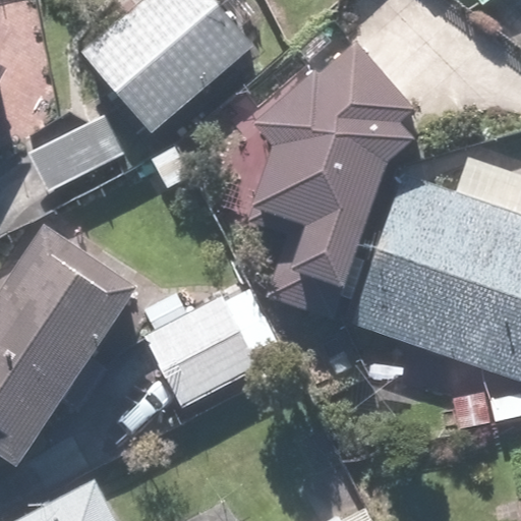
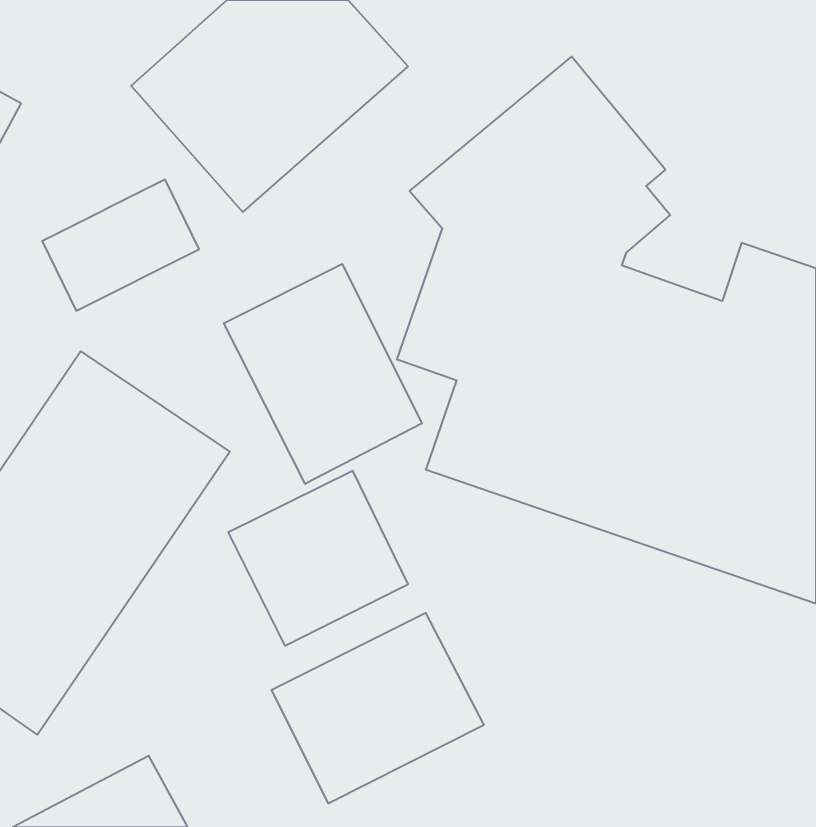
building: none -> [224,264,422,484]
building: none -> [272,613,484,803]

